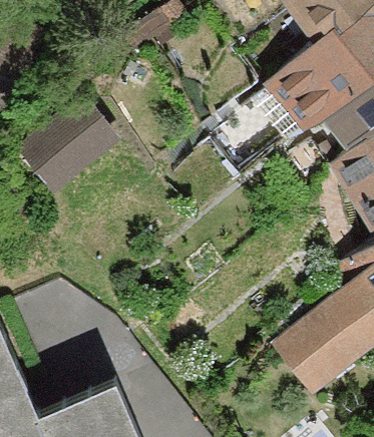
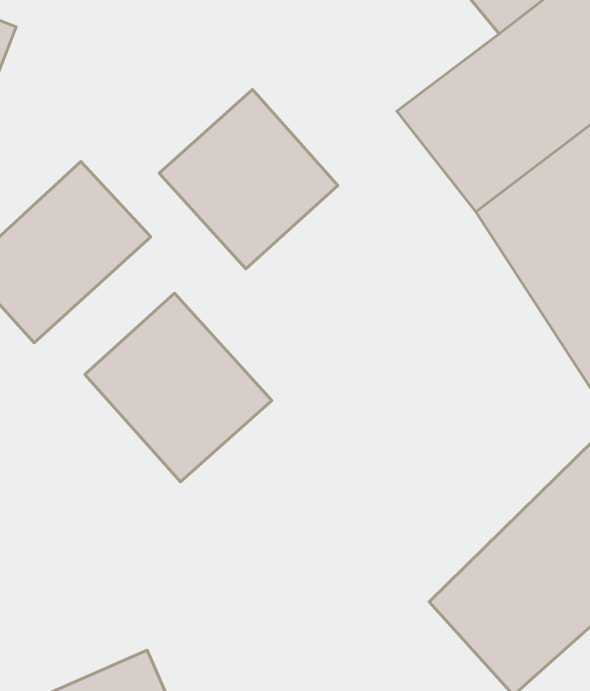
building: none -> [159,89,338,269]
building: none -> [85,293,272,482]

